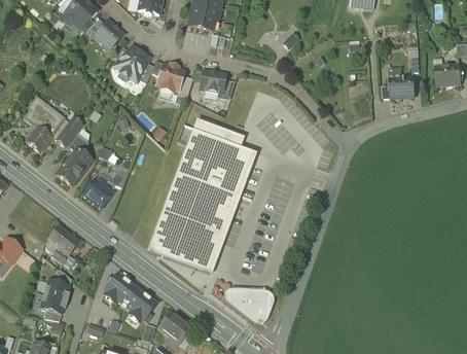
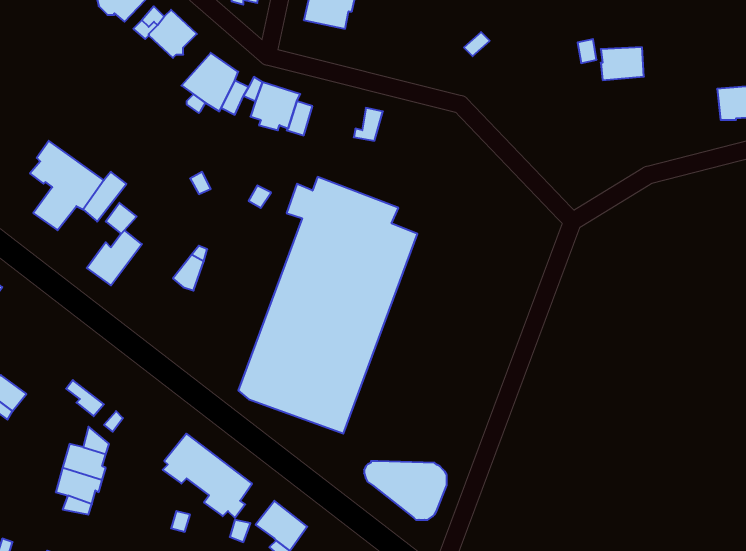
building: [200,70,225,92] -> none
building: [389,78,415,98] -> [601,47,644,80]
building: [83,179,112,208] -> none
building: [47,225,78,255] -> none

